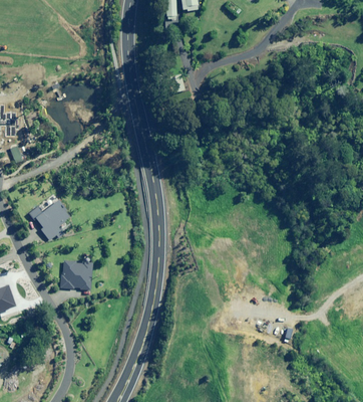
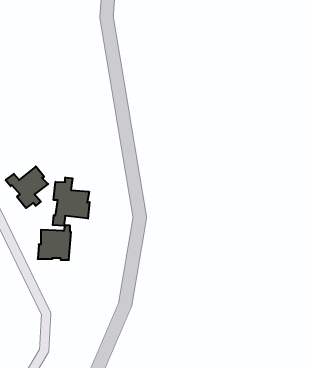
building: none -> [53,177,90,226]

